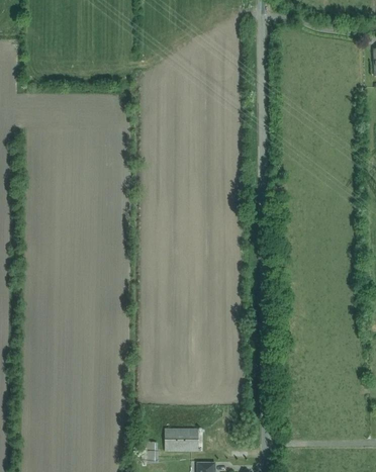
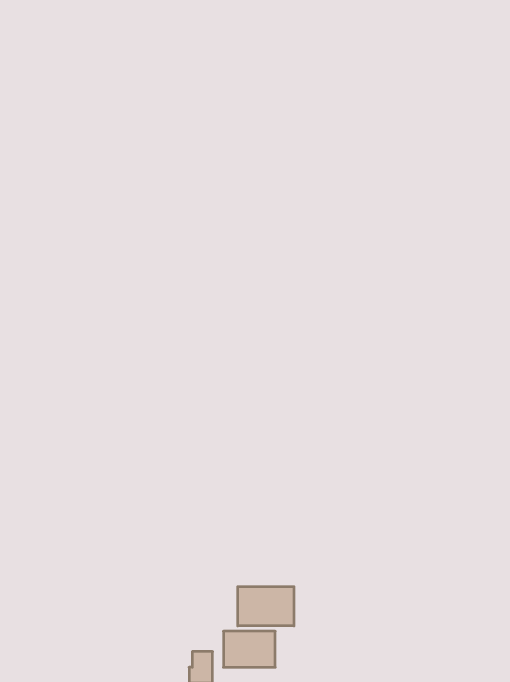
building: none -> [238,587,294,626]

